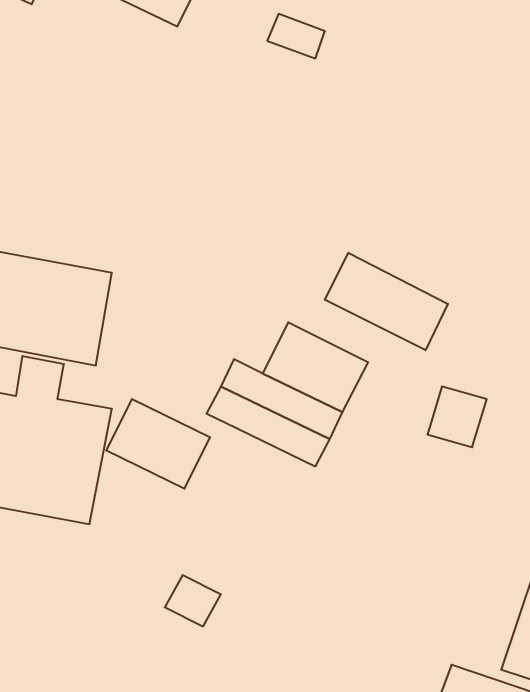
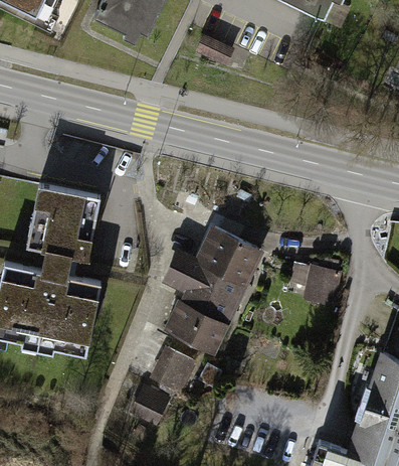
building: [325,253,448,350] -> none
building: [106,399,210,489] -> [165,293,230,349]
building: none -> [150,349,194,393]

